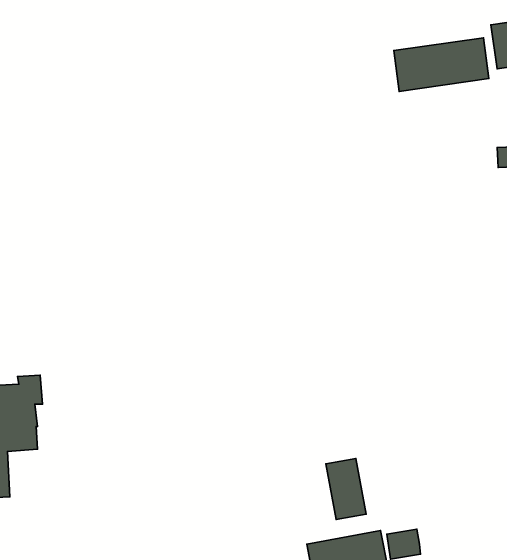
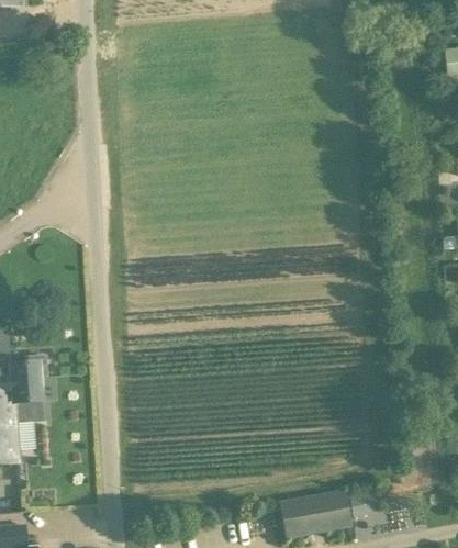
building: [394,38,489,91] -> none
building: [326,459,366,520] -> none

